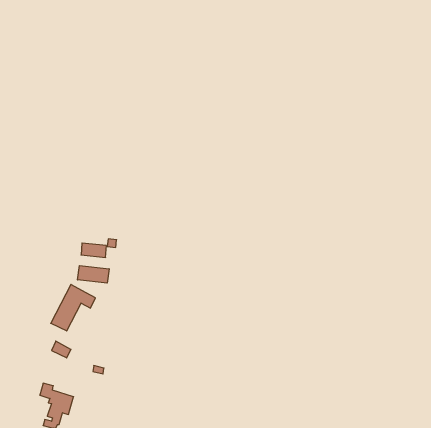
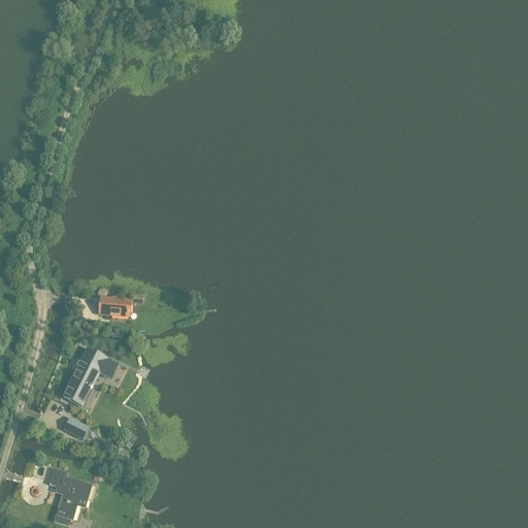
building: [78,266,109,283] -> none

